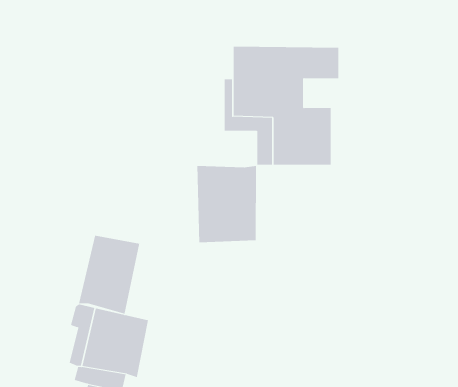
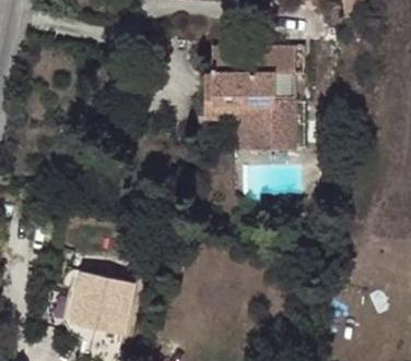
building: [197,165,256,243] -> none
building: [78,235,140,315] -> none

